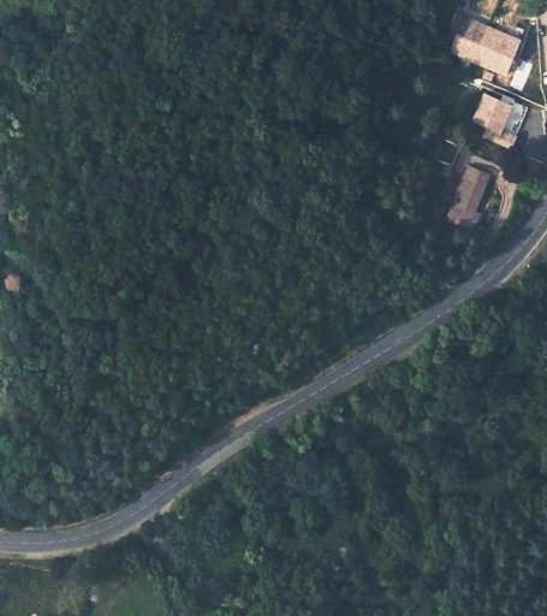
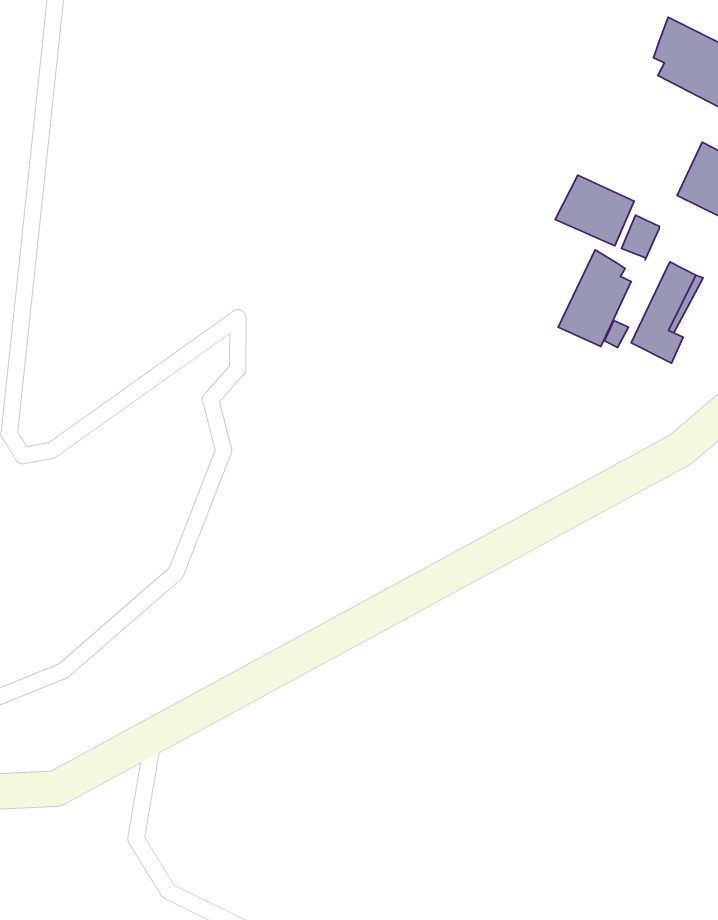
building: none -> [555,175,634,246]
building: none -> [558,250,631,347]

